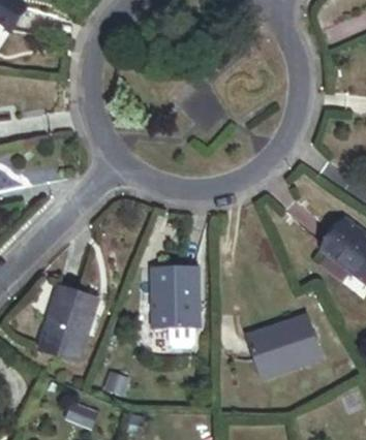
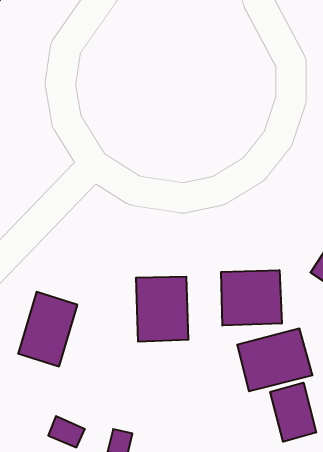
building: none -> [221,270,282,326]
building: none -> [270,383,316,442]

